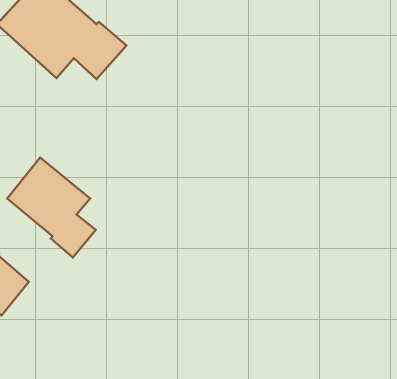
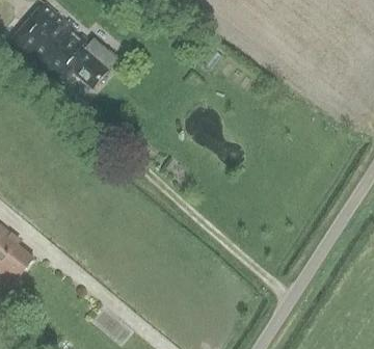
building: [7,157,96,257] -> none

